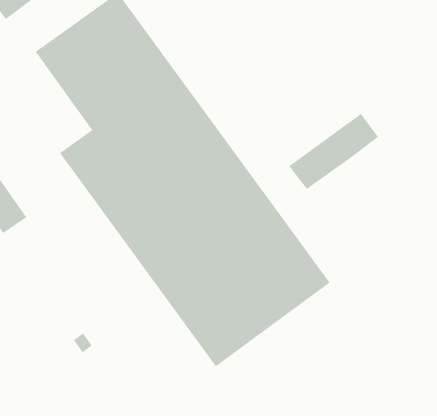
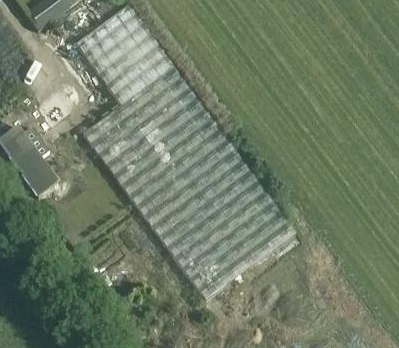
building: [289,113,379,190] -> none

